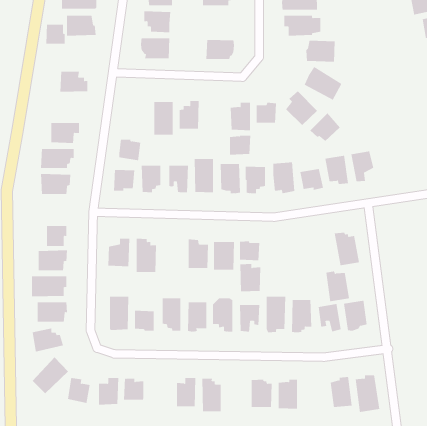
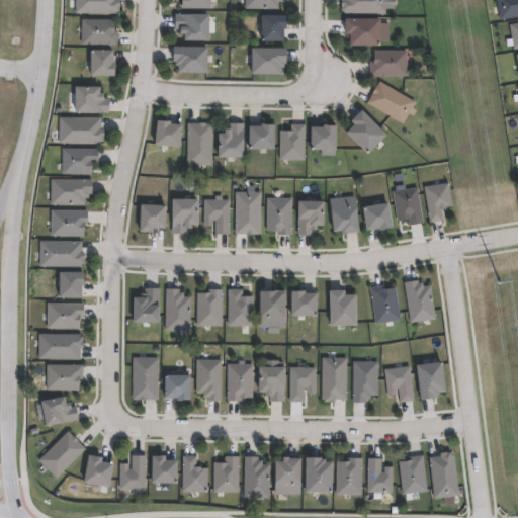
building: none -> [261,14,285,39]
building: [45,24,66,44] -> [89,50,113,74]
building: none -> [60,116,103,142]
building: [310,113,341,142] -> none
building: [229,135,251,155] -> [248,123,274,148]
building: [119,139,141,161] -> [154,120,181,147]
building: none -> [40,241,84,265]
building: none -> [197,288,223,325]
building: [239,263,261,292] -> [329,290,355,325]
building: [325,271,350,302] -> [371,284,401,322]
building: none -> [183,455,208,491]
building: none -> [274,457,299,493]
building: none -> [368,458,393,492]

